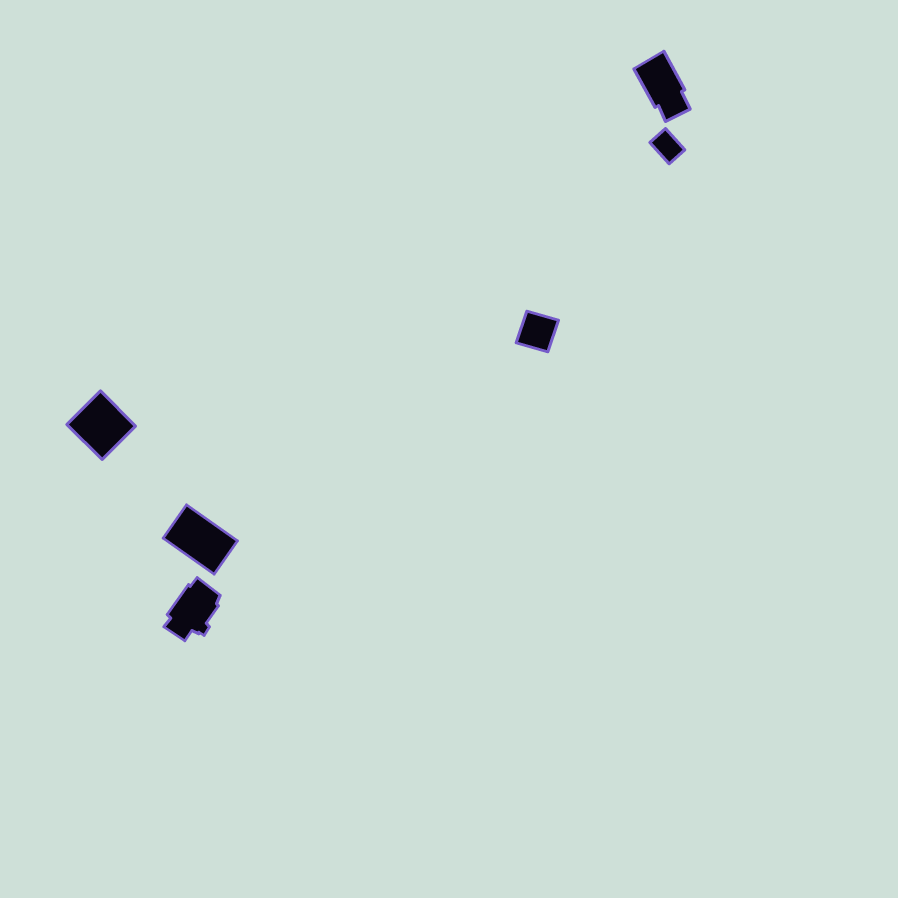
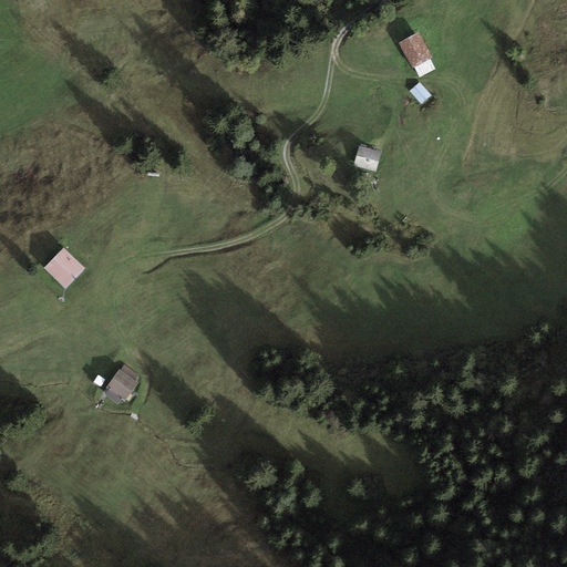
building: [516,311,558,352] -> [353,145,380,171]
building: [163,505,238,574] -> none

